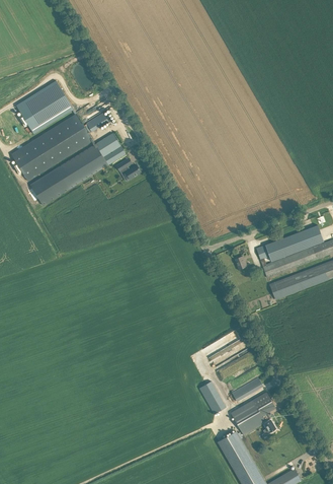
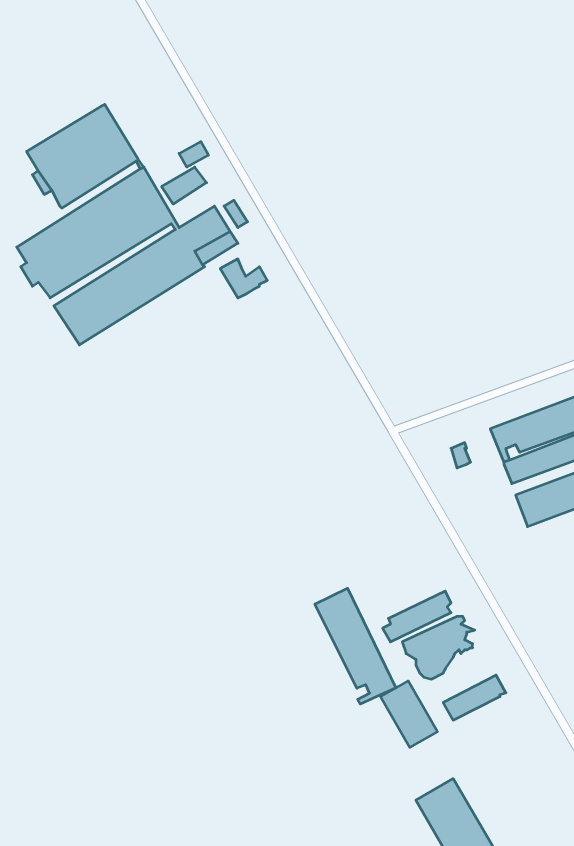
building: none -> [315,588,396,704]
building: [230,392,275,435] -> none

